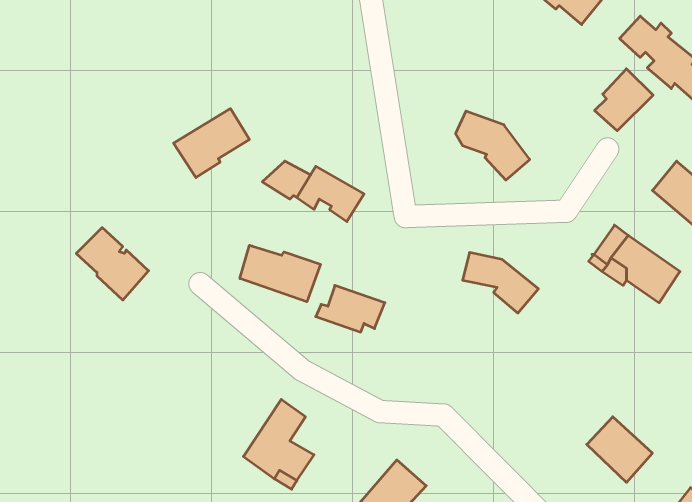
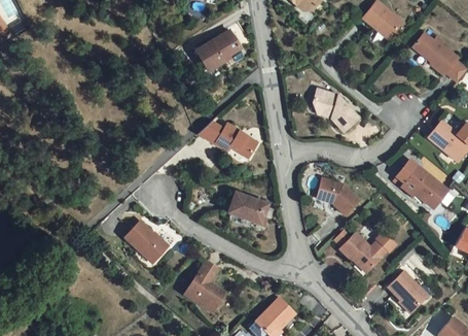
building: [595,69,653,131] -> none
building: [174,109,249,178] -> [192,30,238,71]
building: [76,228,149,300] -> [127,223,170,266]
building: [240,245,320,302] -> none
building: none -> [340,228,396,266]

